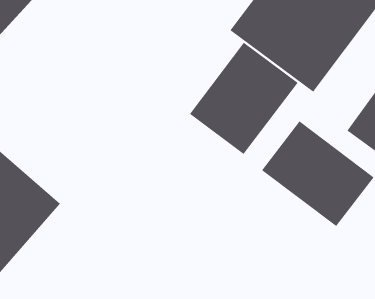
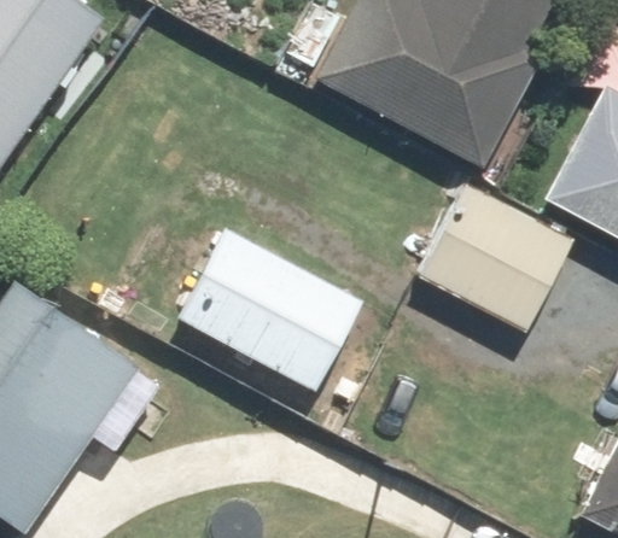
building: [189,42,298,155] -> none
building: none -> [170,224,373,396]

